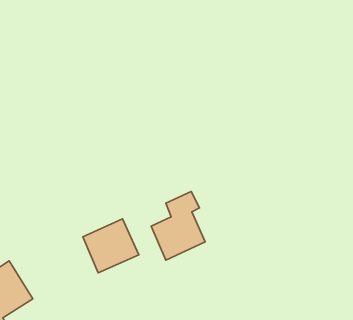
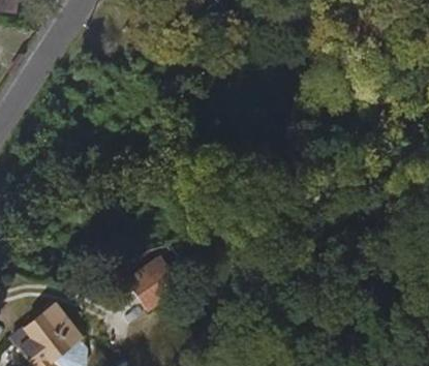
building: [151,192,205,260] -> none

